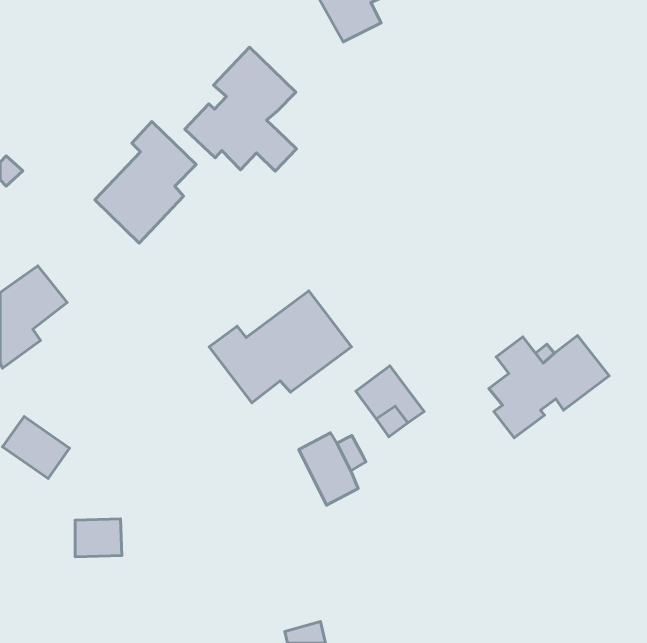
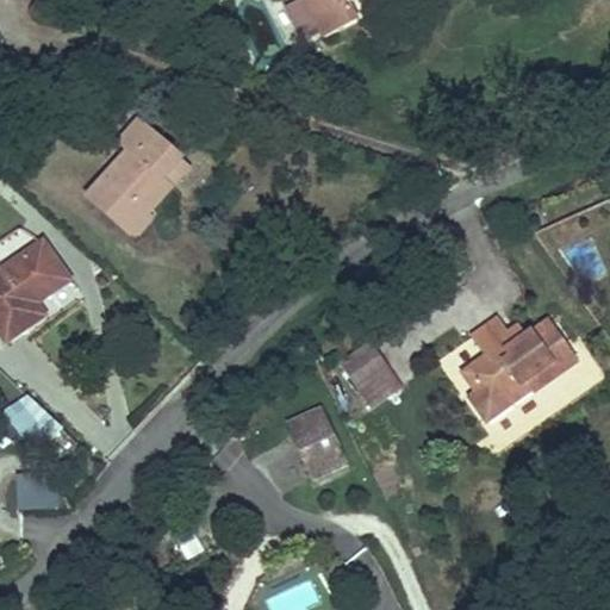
building: [185,47,297,171] -> none
building: [209,291,351,403] -> none
building: [75,519,122,557] -> [17,475,61,511]

